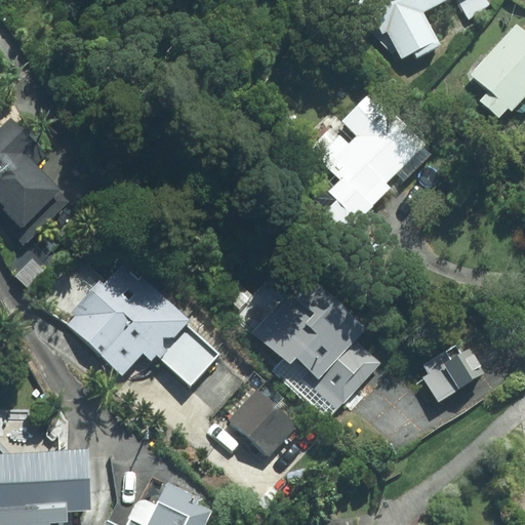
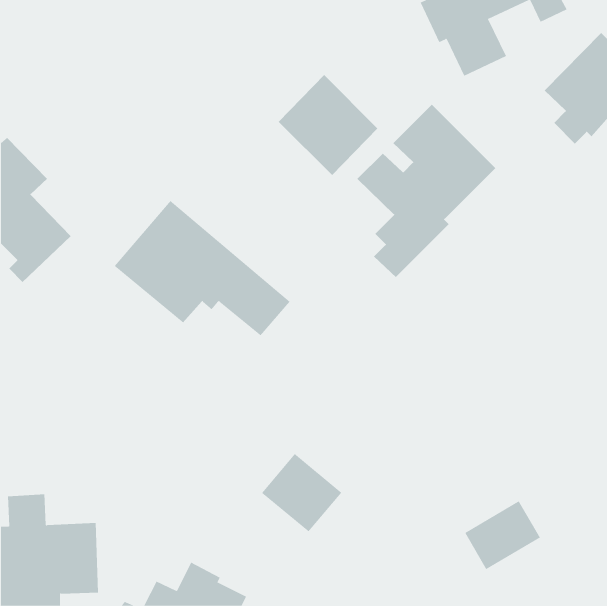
building: none -> [278,74,378,176]
building: [65,266,216,382] -> [114,200,290,336]
building: [249,270,382,410] -> none
building: [417,341,483,401] -> [464,500,541,570]

